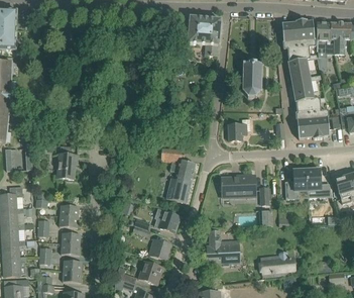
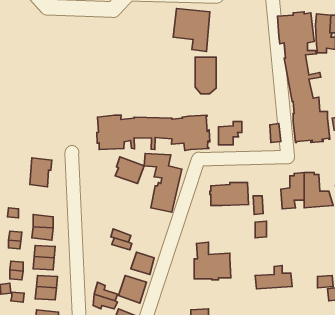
building: [242,63,261,96] -> [195,57,216,94]
building: none -> [97,115,210,151]
building: [153,208,180,232] -> [115,157,144,183]

